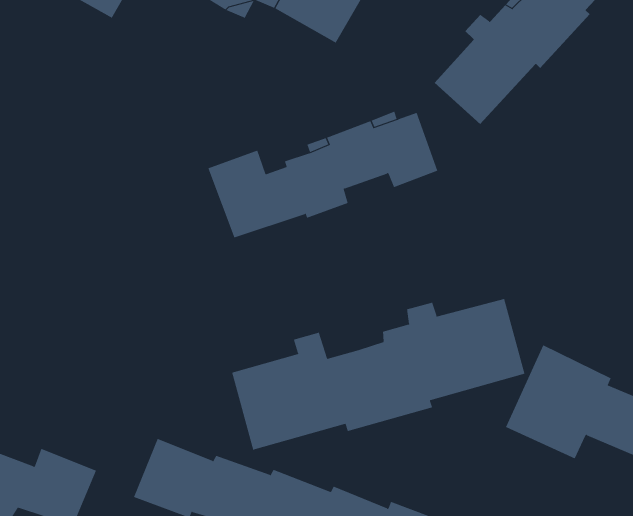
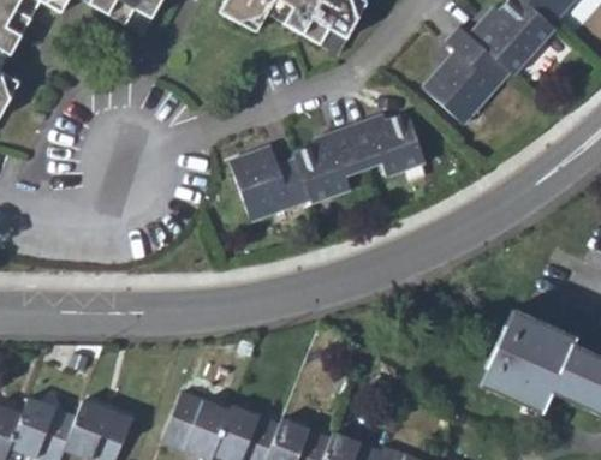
building: [232,298,525,451] -> none

